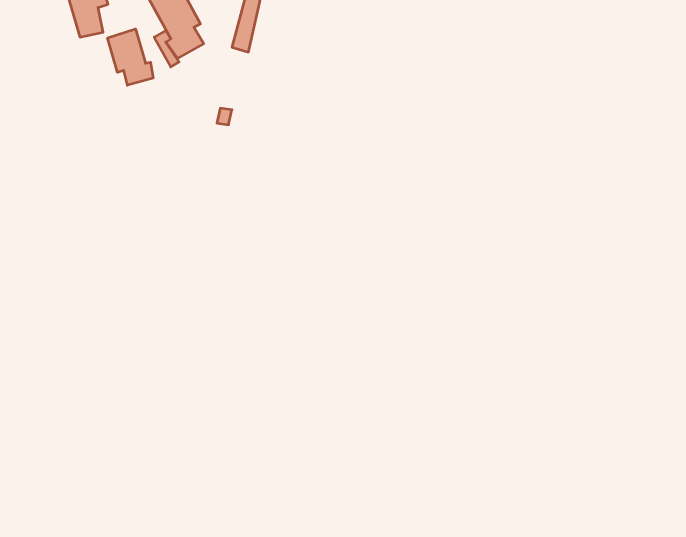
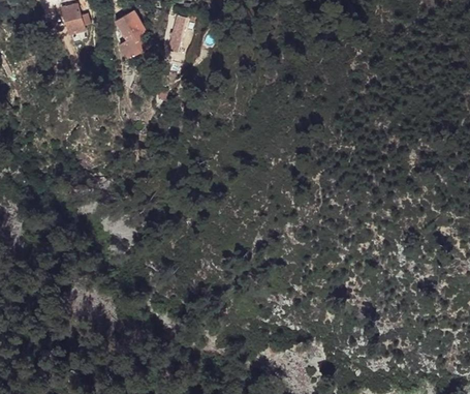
building: [108,29,153,85] -> none

